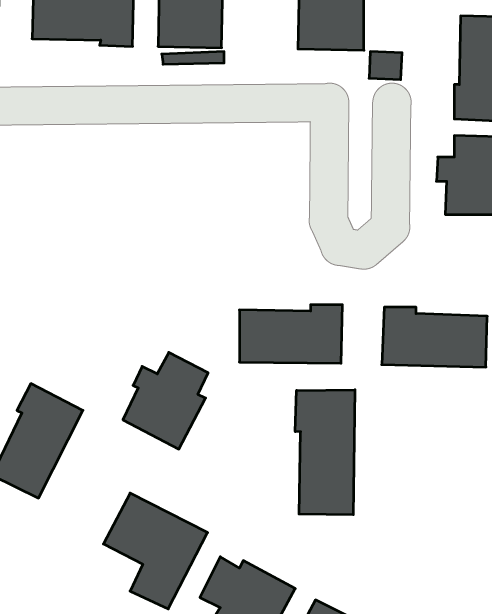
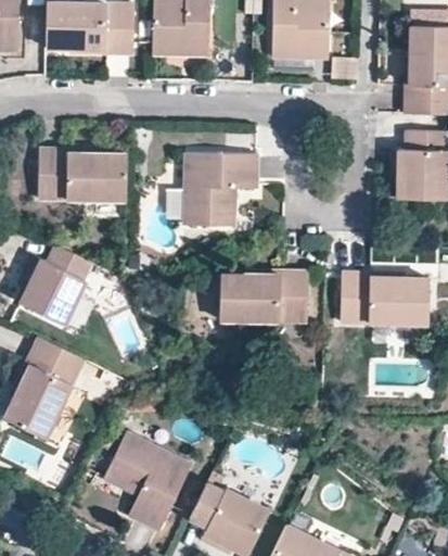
building: none -> [36,147,127,197]
building: none -> [181,150,256,223]
building: [123,352,208,449] -> [23,248,95,330]
building: [295,390,355,515] -> none

